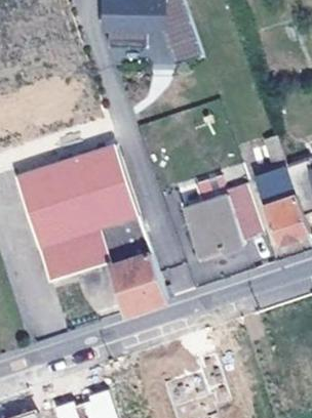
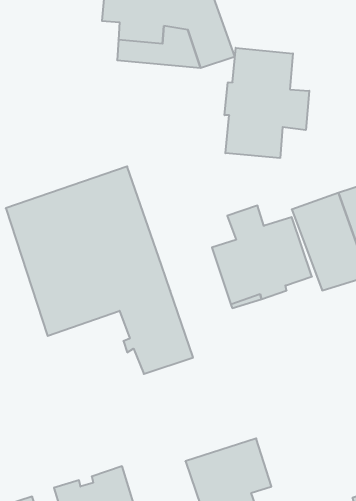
building: none -> [225,48,309,158]

